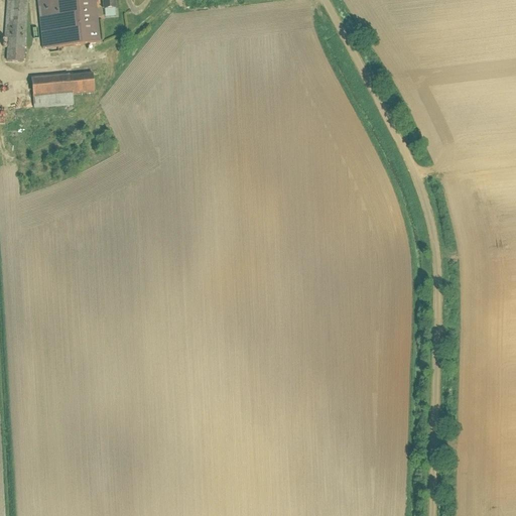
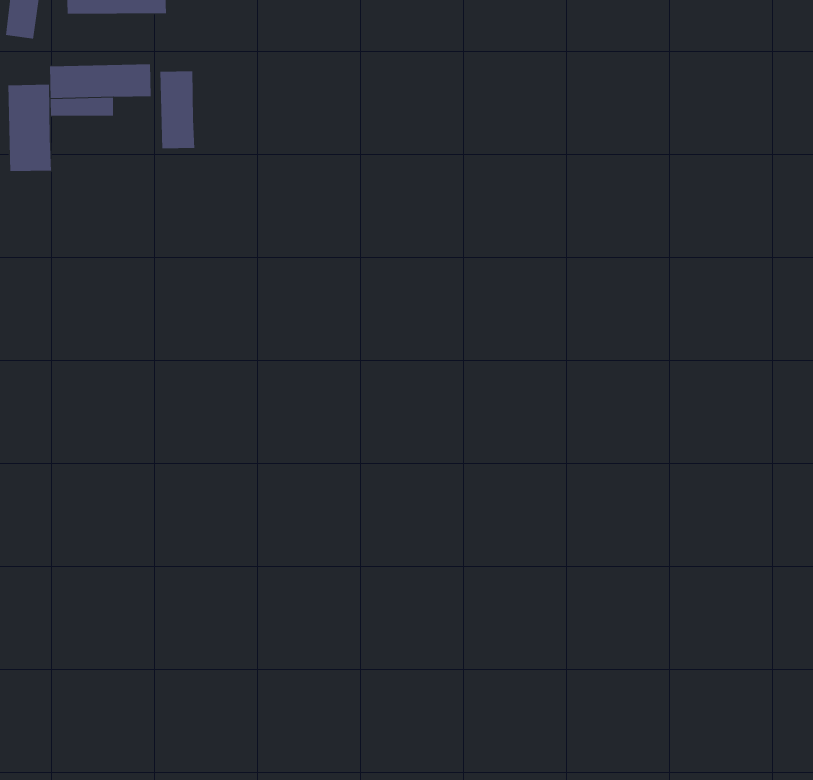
building: none -> [160,70,195,149]
building: none -> [8,84,52,172]

